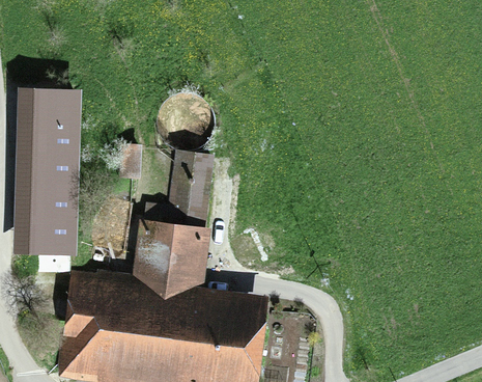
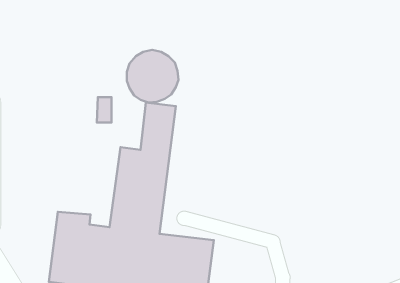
building: [29,94,76,251] -> none

